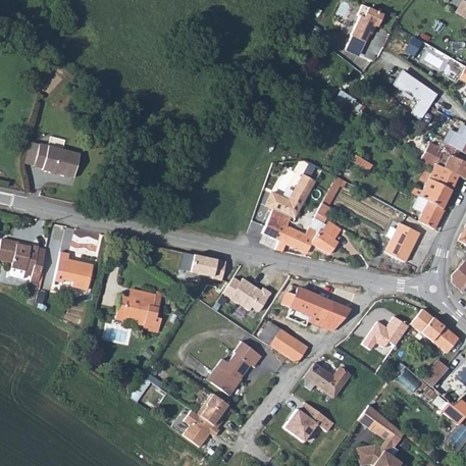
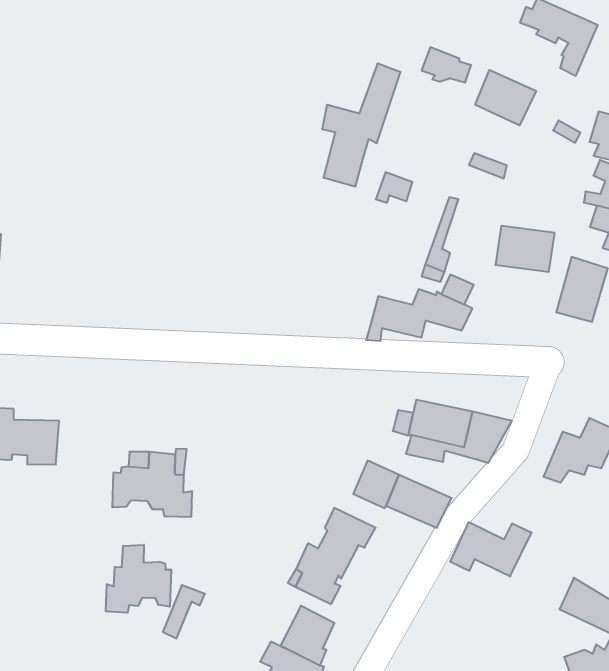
building: none -> [475,70,536,125]
building: [262,173,316,241] -> [322,64,401,186]
building: [190,254,225,280] -> none
building: [222,276,271,311] -> none
building: none -> [106,545,171,613]
building: [283,407,333,442] -> none

